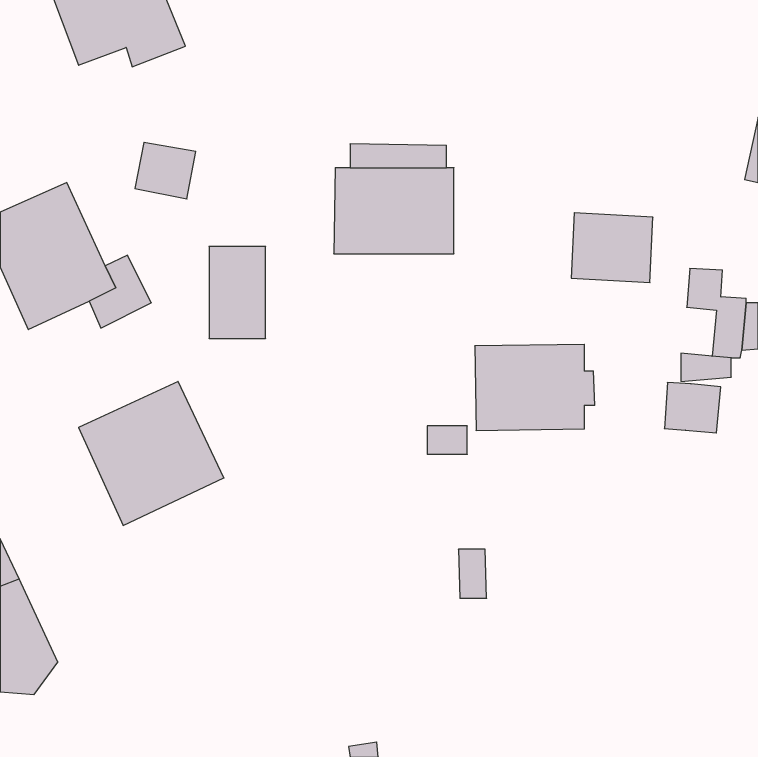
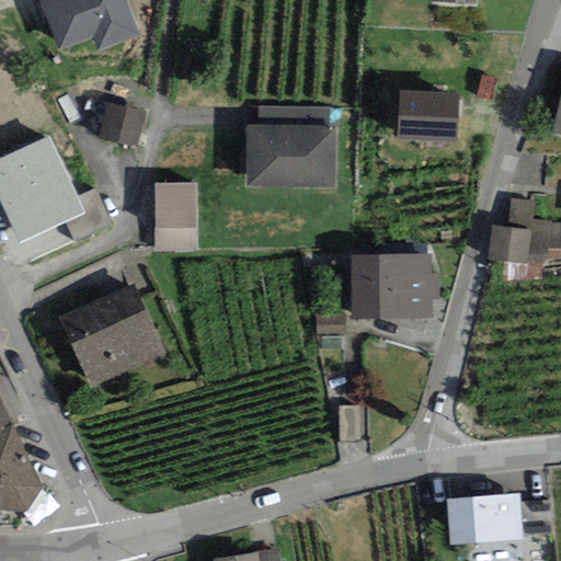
building: [571,213,653,283] -> [398,90,458,141]
building: [664,383,721,433] -> [488,226,529,263]
building: none -> [446,493,522,546]

